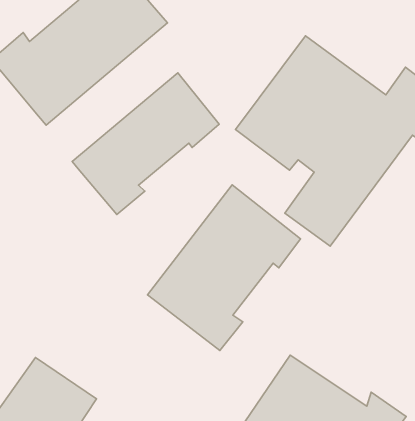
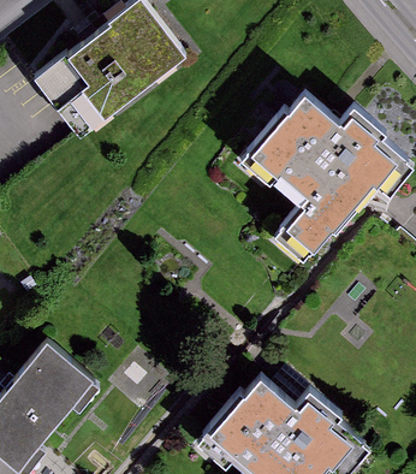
building: [72,73,219,215] -> none
building: [148,185,300,351] -> none

